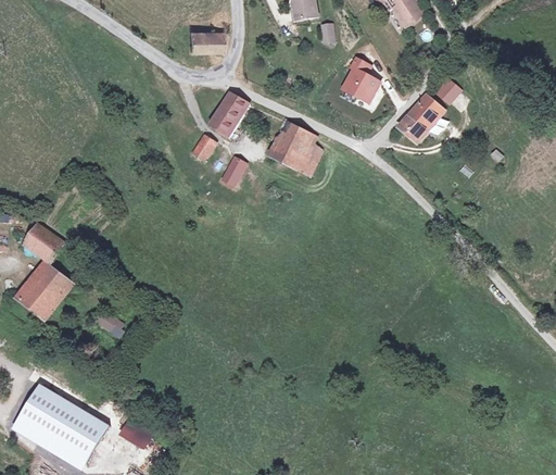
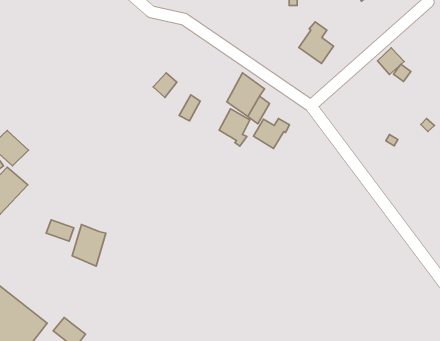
building: [207,90,248,134] -> none
building: [396,95,444,143] -> none
building: none -> [219,109,250,146]
building: none -> [253,119,289,149]
building: none -> [72,225,106,266]

